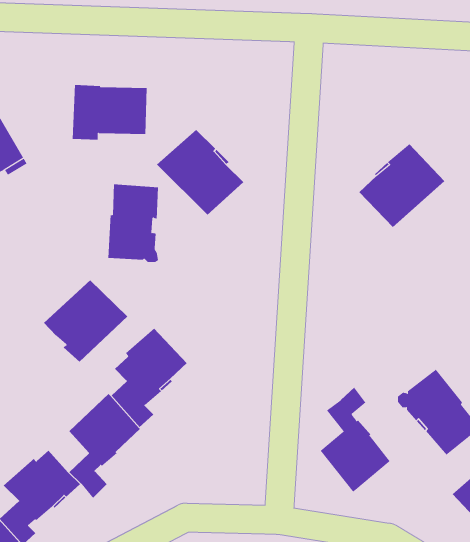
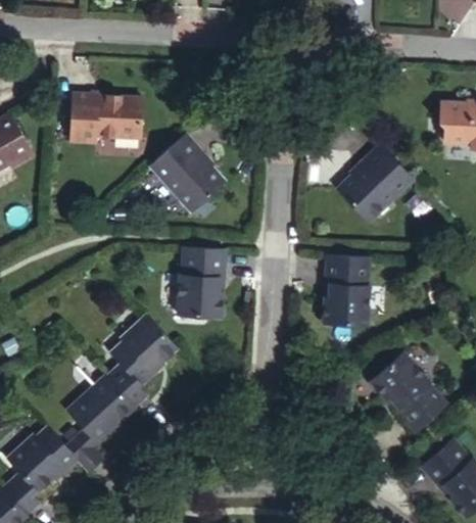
building: [108,184,159,263] -> [179,243,226,316]
building: none -> [325,254,373,325]
building: [43,280,128,362] -> none
building: [320,387,391,493] -> none

